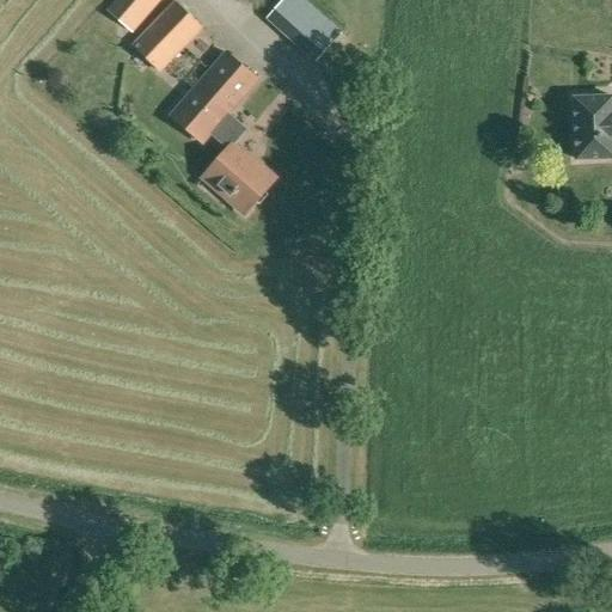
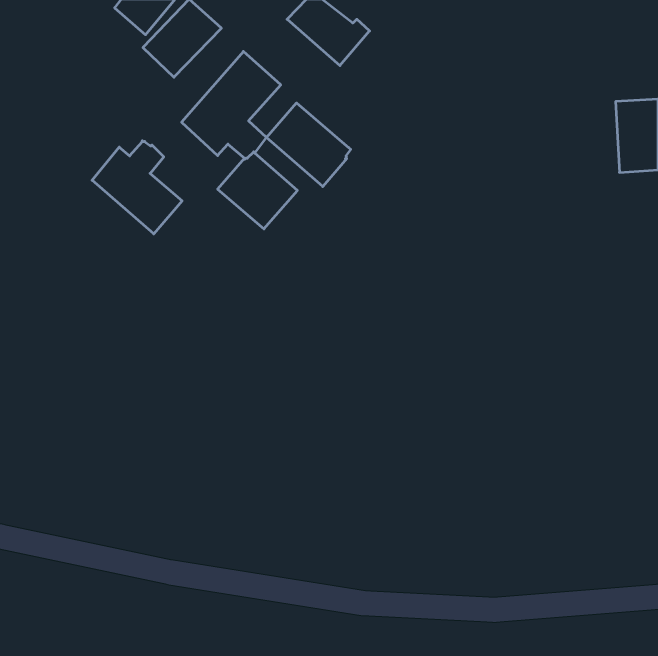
building: none -> [267,103,351,187]
building: none -> [92,141,182,234]

